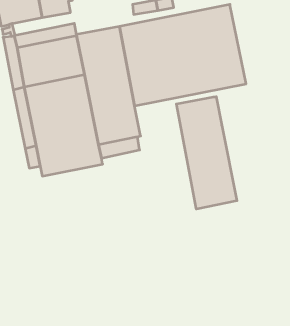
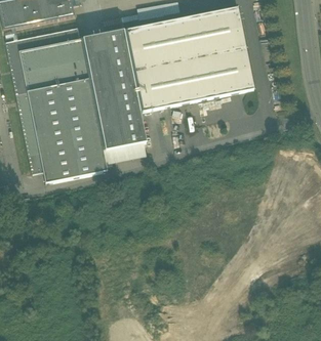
building: [176,97,237,209] -> none

